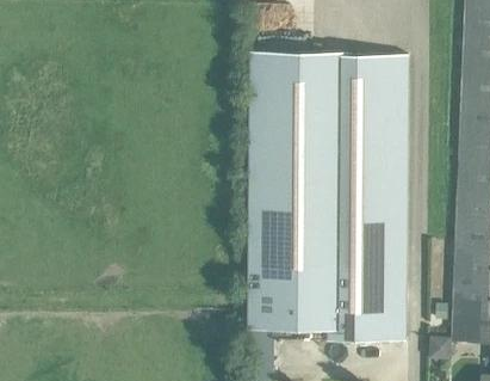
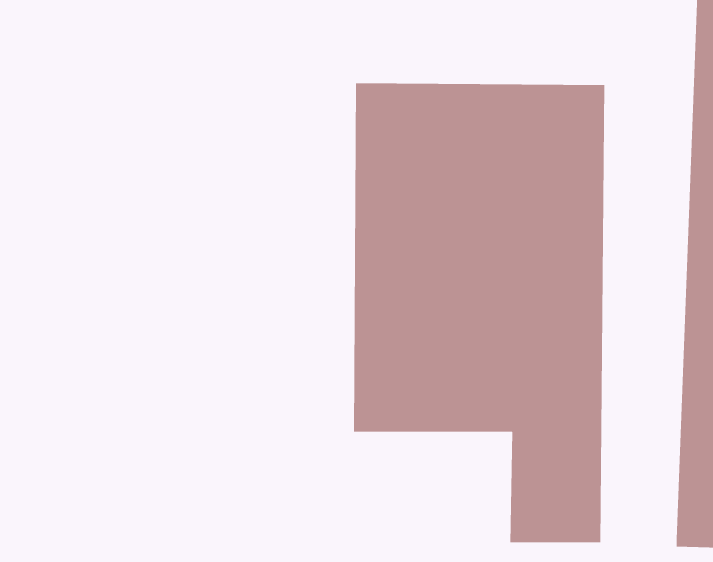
building: [248,271,348,340] -> none

